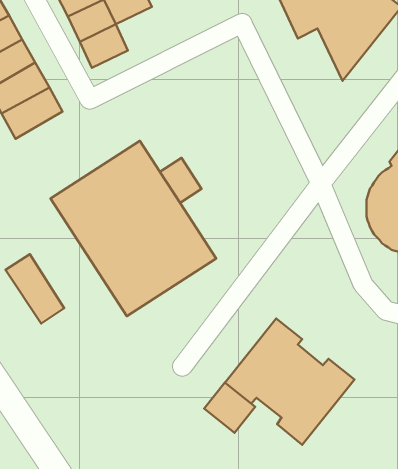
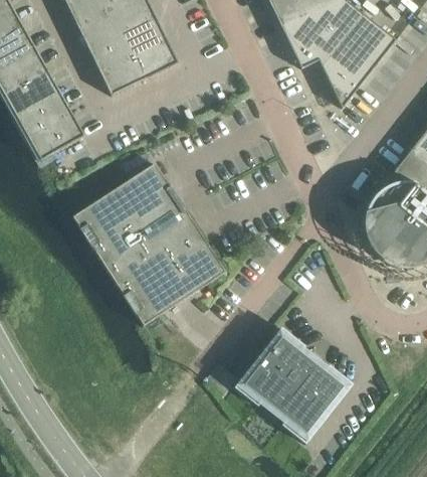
building: none -> [133,38,178,78]
building: [160,158,202,203] -> none
building: [5,254,64,324] -> none
building: [204,383,255,433] -> none

